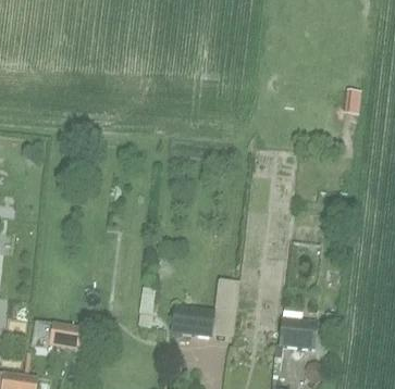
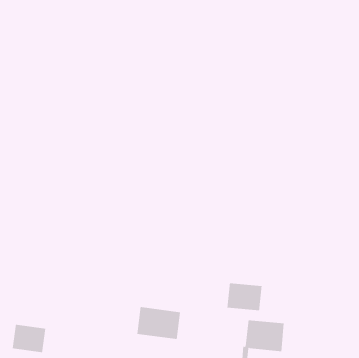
building: none -> [227,283,262,311]

